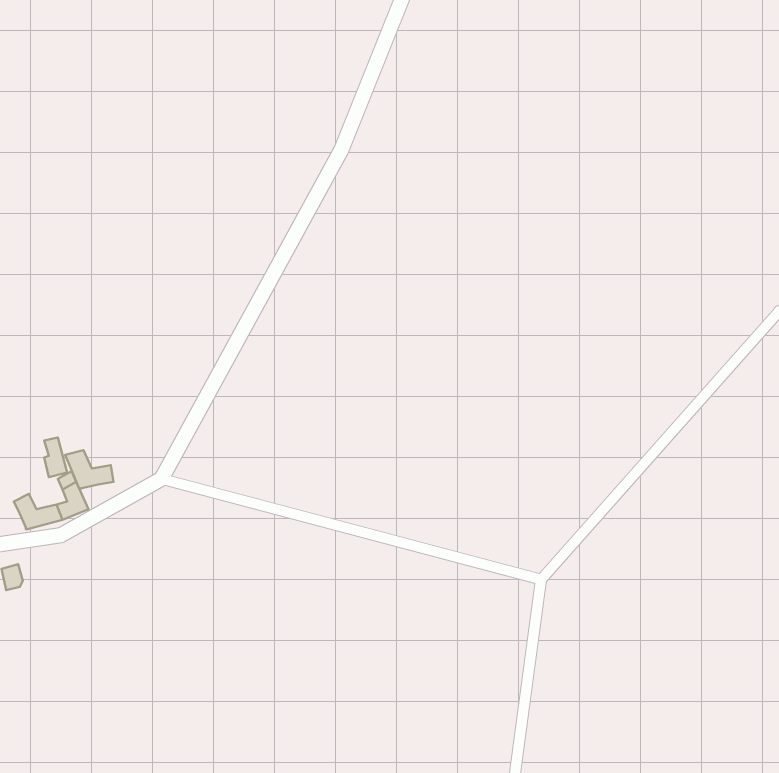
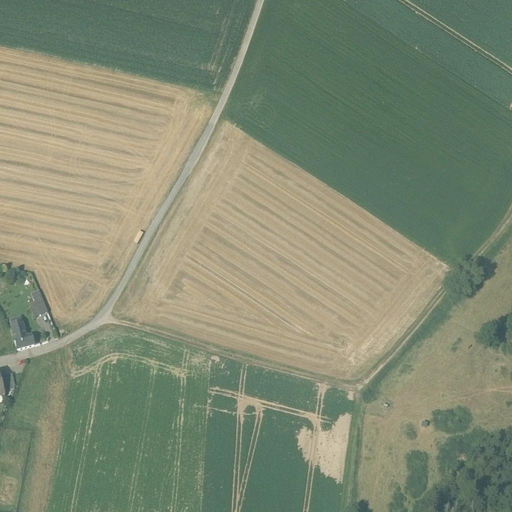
building: [65,450,113,489] -> none

